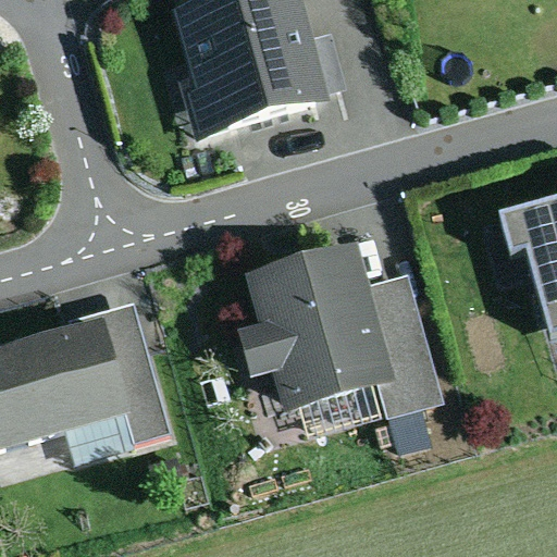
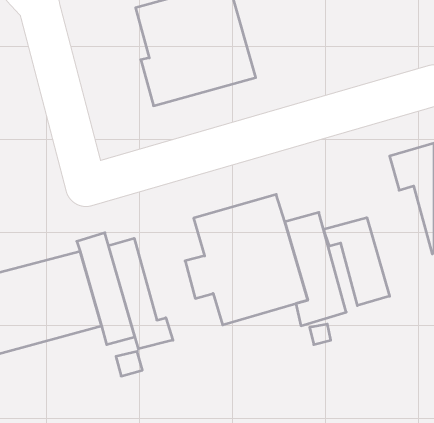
building: none -> [323,218,390,306]
building: none -> [109,238,173,349]

